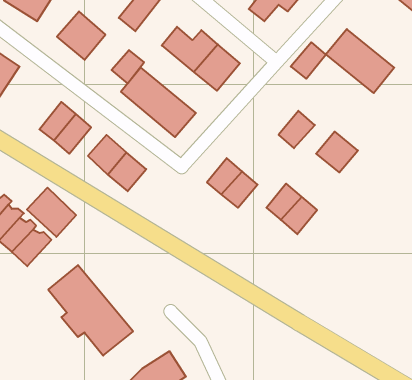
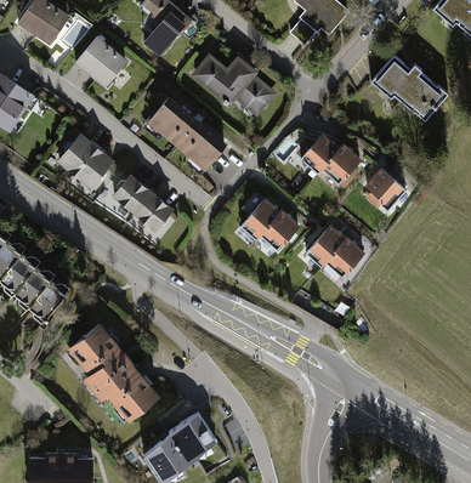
building: [291,42,326,79] -> [302,132,341,172]
building: [112,50,144,83] -> none
building: [27,188,76,237] -> none

